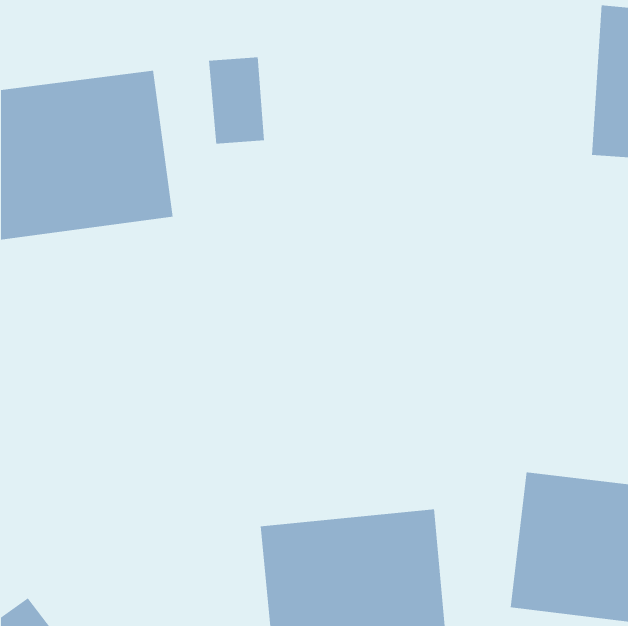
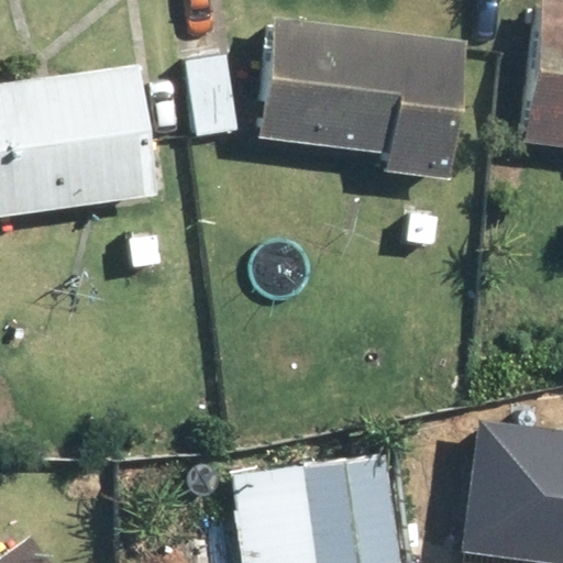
building: none -> [258,18,461,180]

